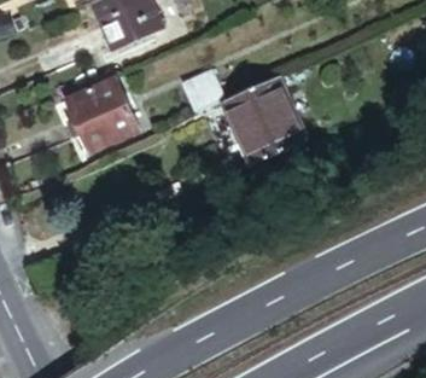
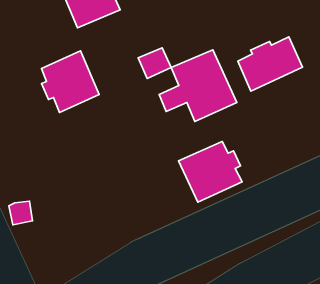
building: none -> [238,37,302,91]
building: none -> [178,142,242,202]

